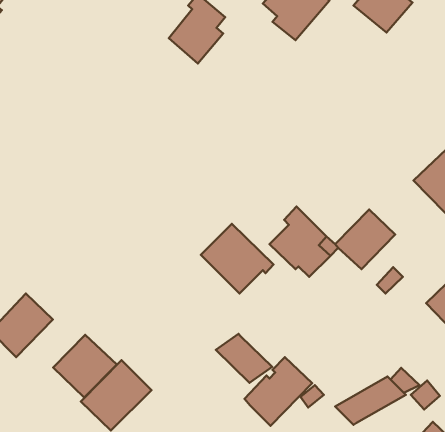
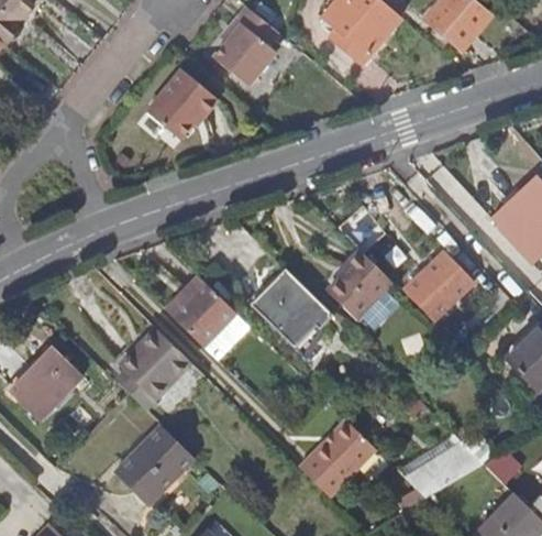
building: none -> [146,70,218,142]
building: none -> [164,275,235,347]
building: [216,334,272,383] -> none
building: [53,335,117,397] -> [119,328,191,400]

